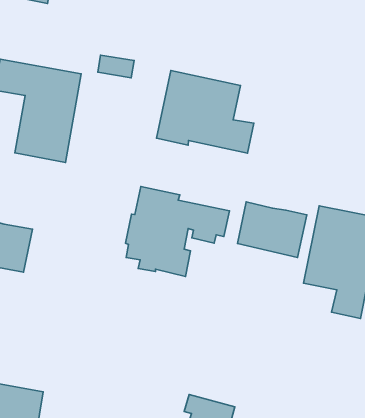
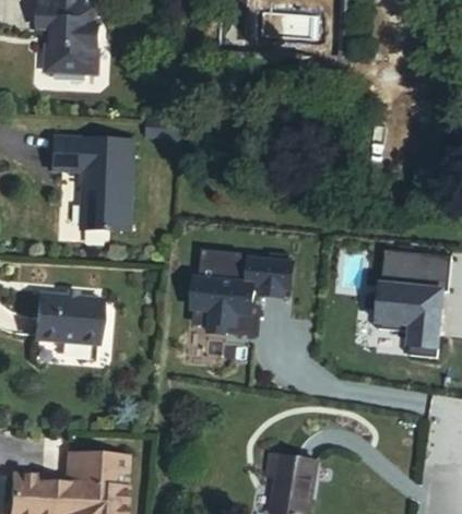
building: [156,70,254,153] -> none
building: [237,202,307,257] -> none

